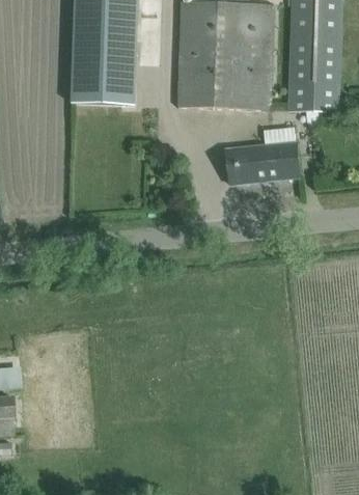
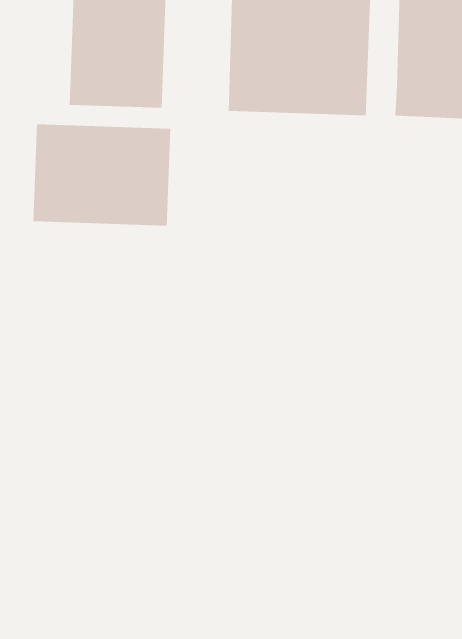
building: none -> [33,123,171,227]
building: [225,126,299,183] -> none

